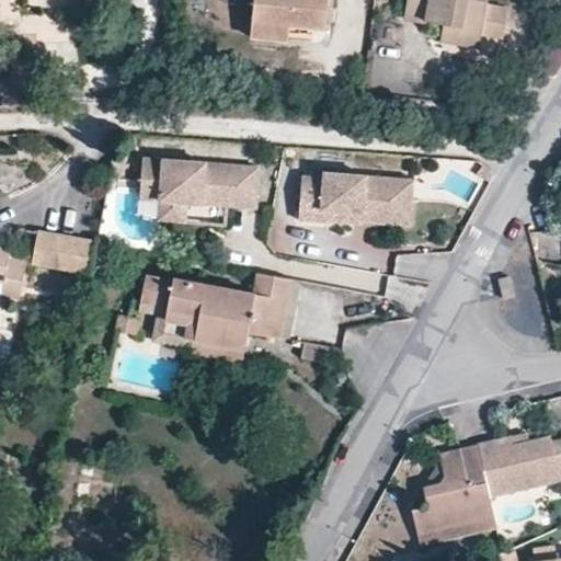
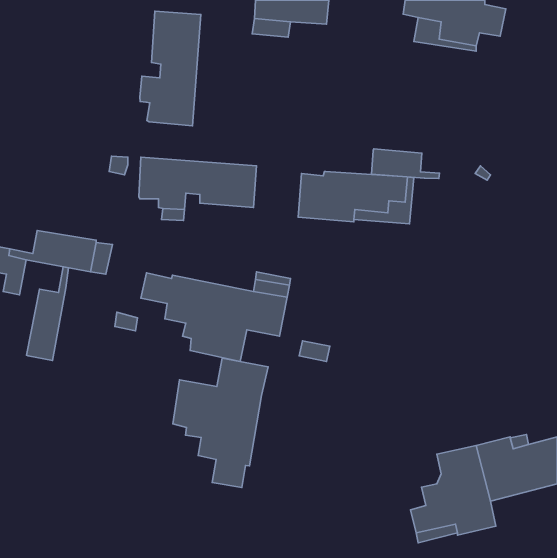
building: none -> [140,11,201,126]
building: none -> [371,149,439,178]
building: none -> [27,267,69,360]
building: none -> [173,358,268,487]

